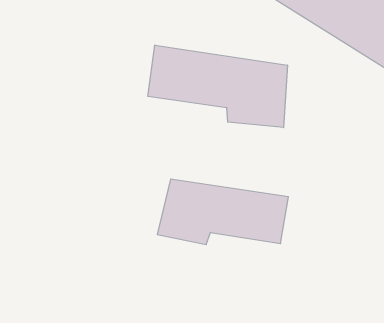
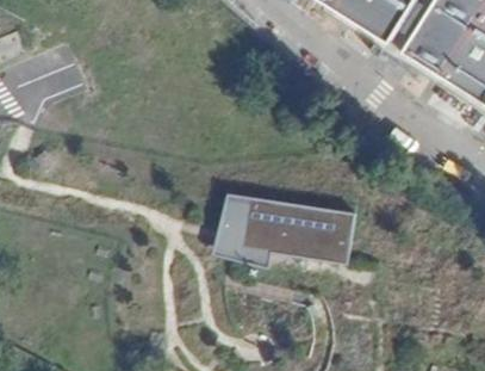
building: [148,45,287,128] -> none

